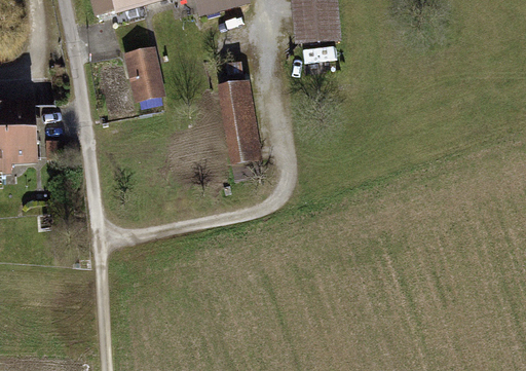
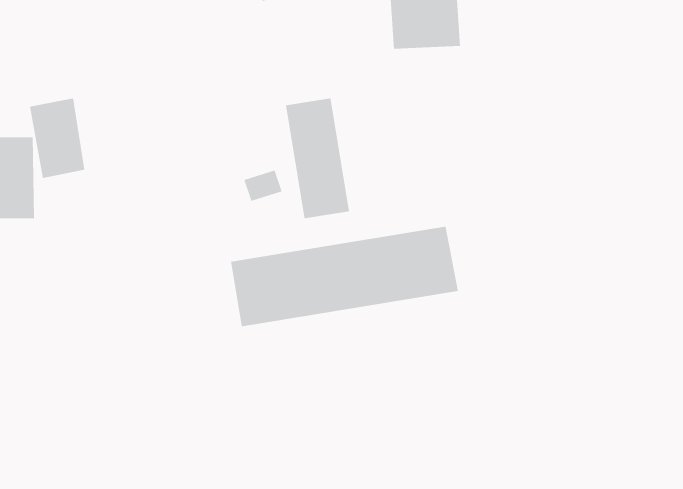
building: [124,45,164,103] -> [29,98,85,178]
building: none -> [230,226,458,327]

